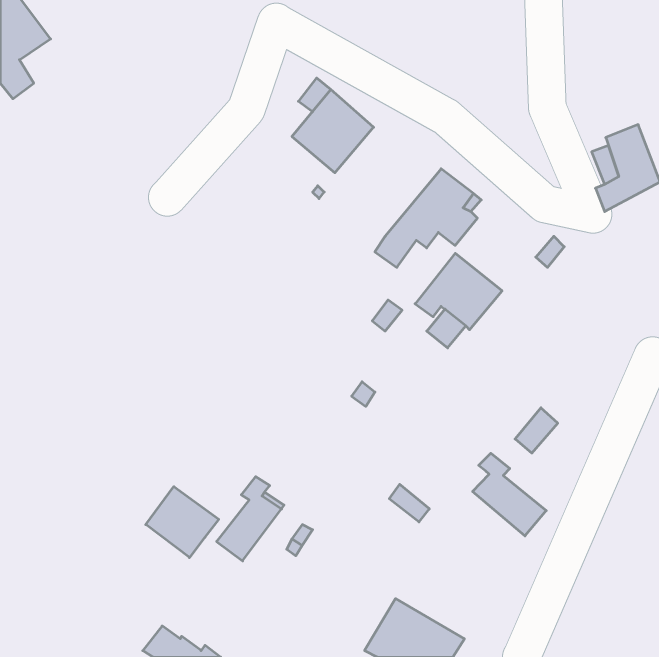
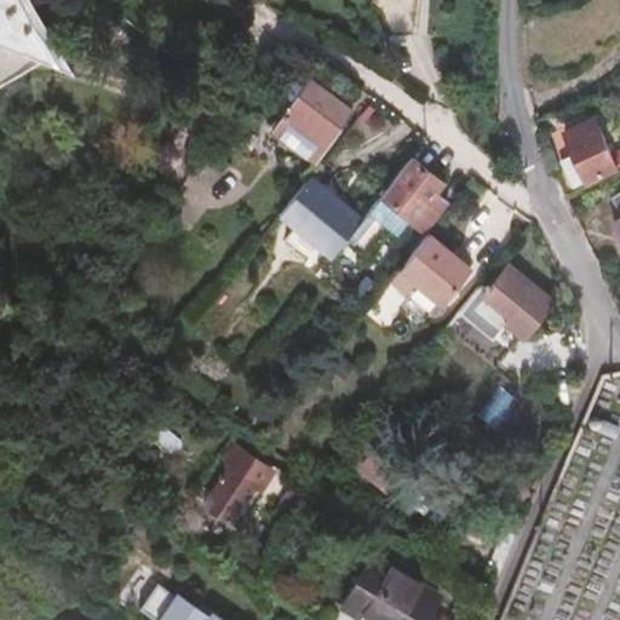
building: none -> [281,179,363,258]
building: none -> [461,269,555,355]
building: [473,453,546,536] -> none
building: [146,487,219,558] -> none

